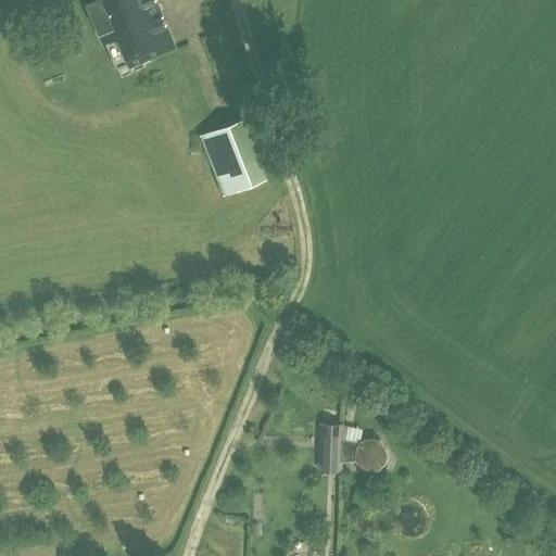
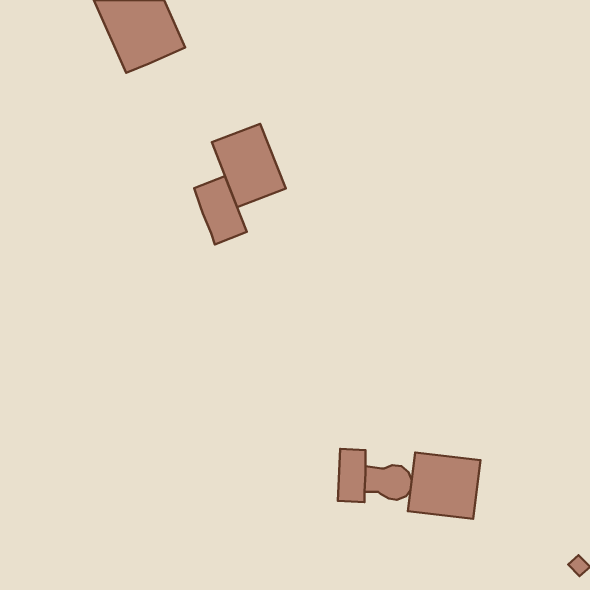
building: none -> [194,176,247,245]
building: none -> [408,452,480,519]

